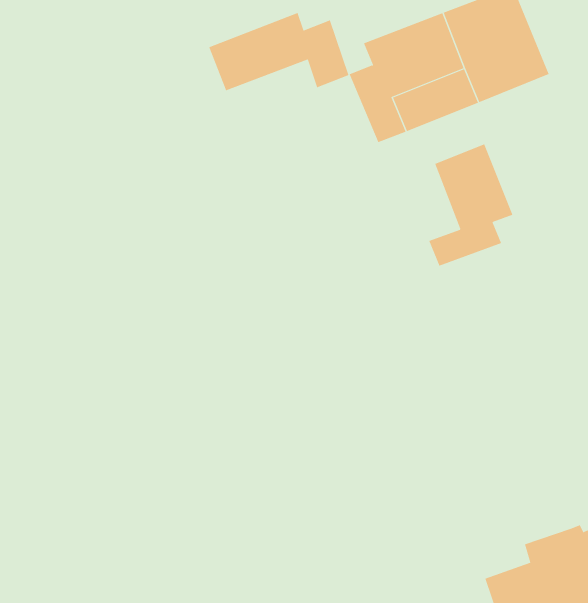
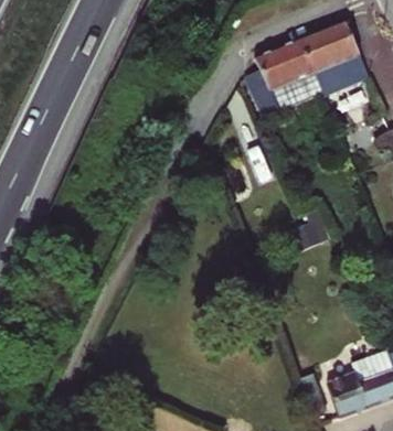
building: [209,12,349,91] -> none
building: [428,143,513,266] -> none

